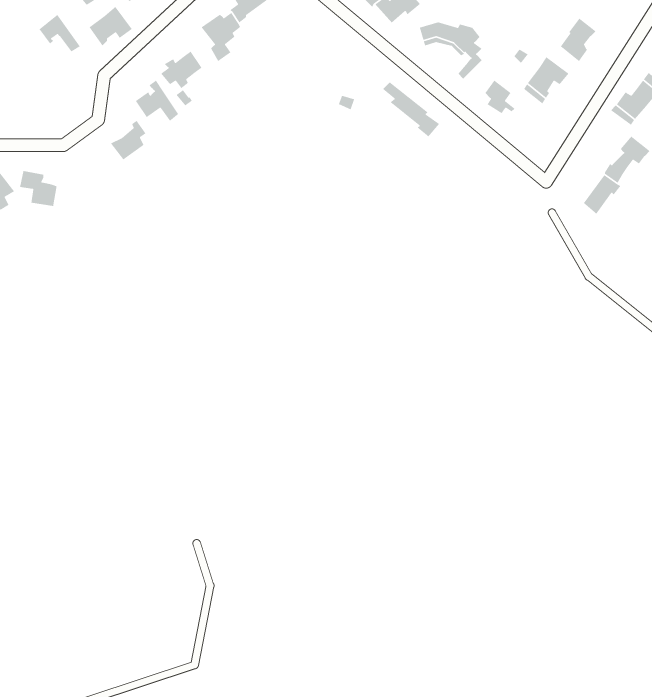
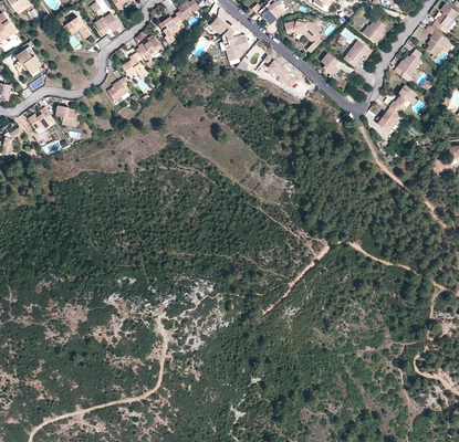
building: none -> [209,15,249,60]

